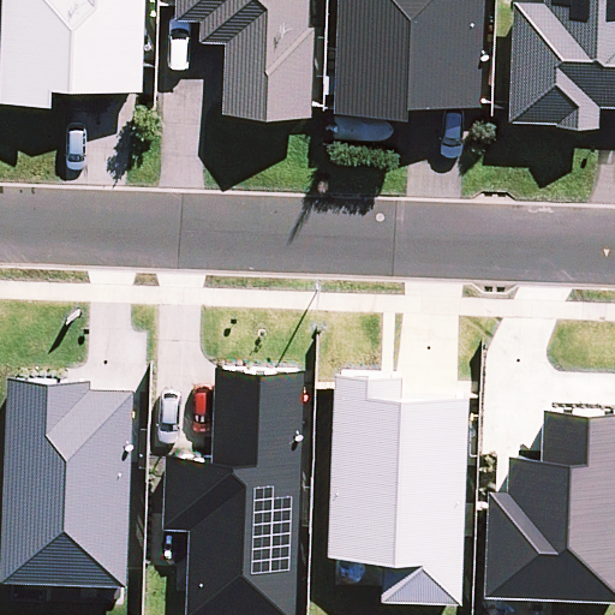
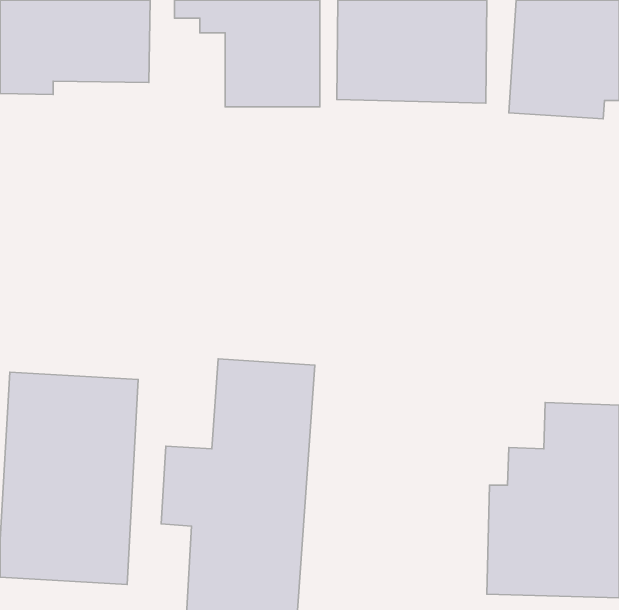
building: [327,374,470,604] -> none

